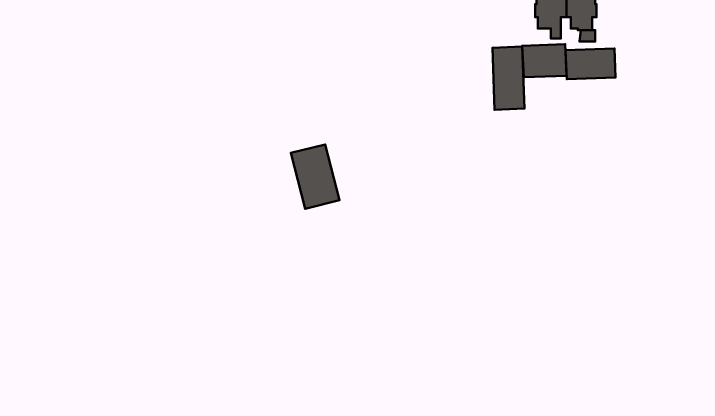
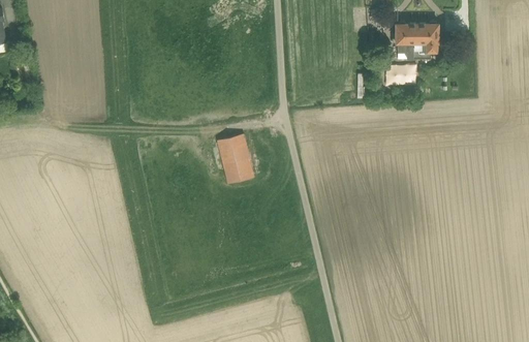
building: [493,47,524,110] -> none
building: [566,49,616,79] -> none

